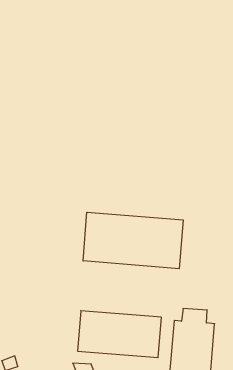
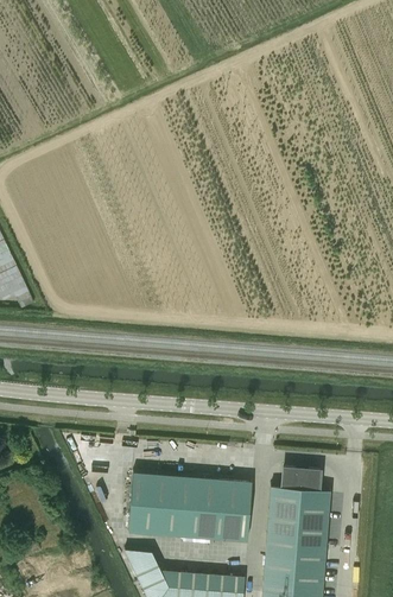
building: [83,212,183,269] -> none

